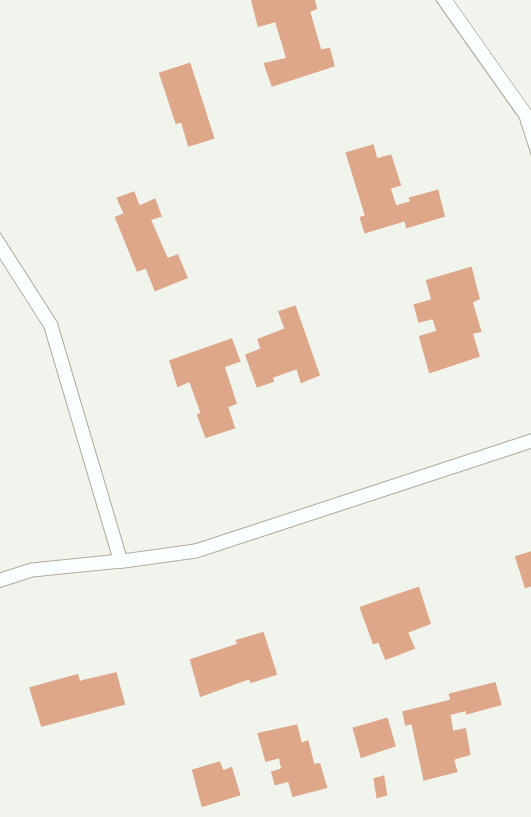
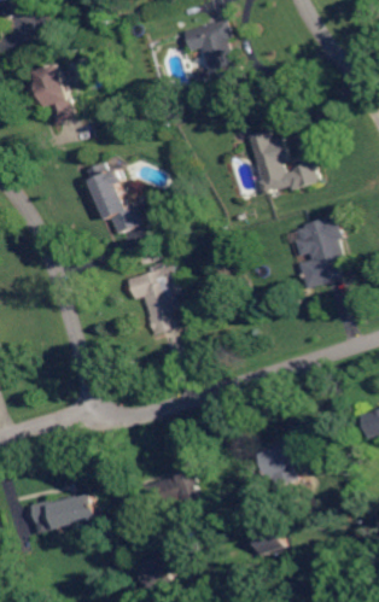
building: [158,62,215,148] -> [33,63,72,122]
building: [244,305,321,388] -> none
building: [401,681,503,781] -> none
building: [257,723,328,798] -> none

